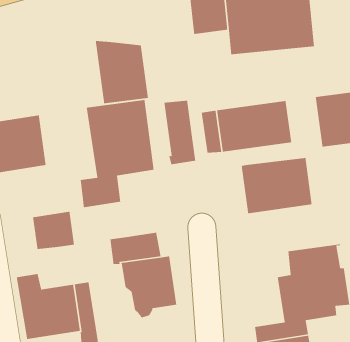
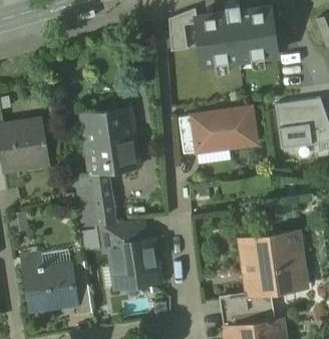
building: [95,40,149,104] -> none
building: [163,100,196,165] -> none
building: [241,157,313,214] -> none
building: [32,211,75,250] -> [79,195,115,228]

